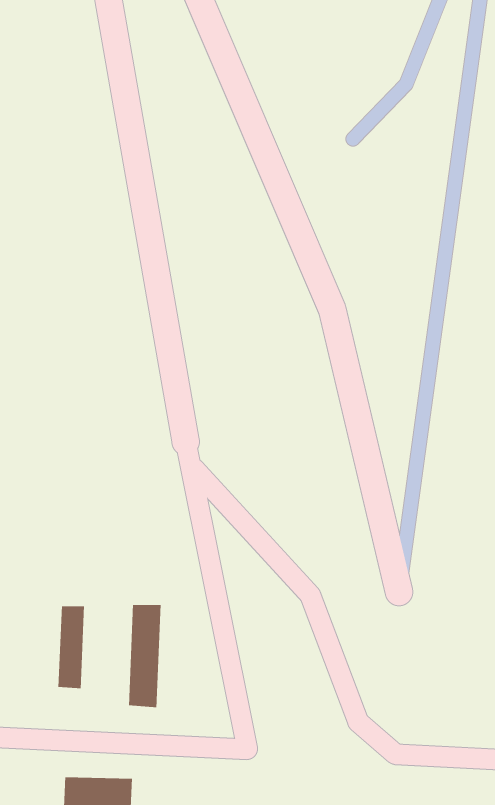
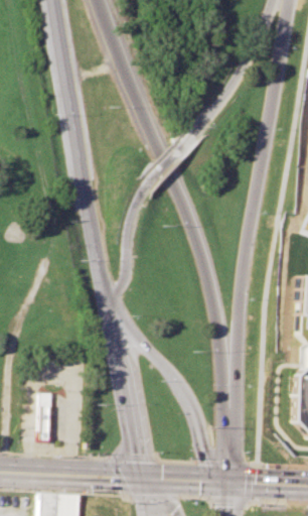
building: [128,604,161,708] -> none

